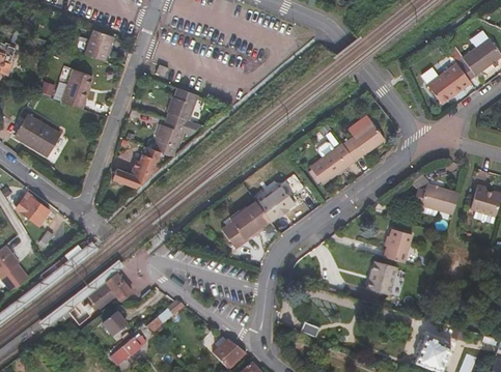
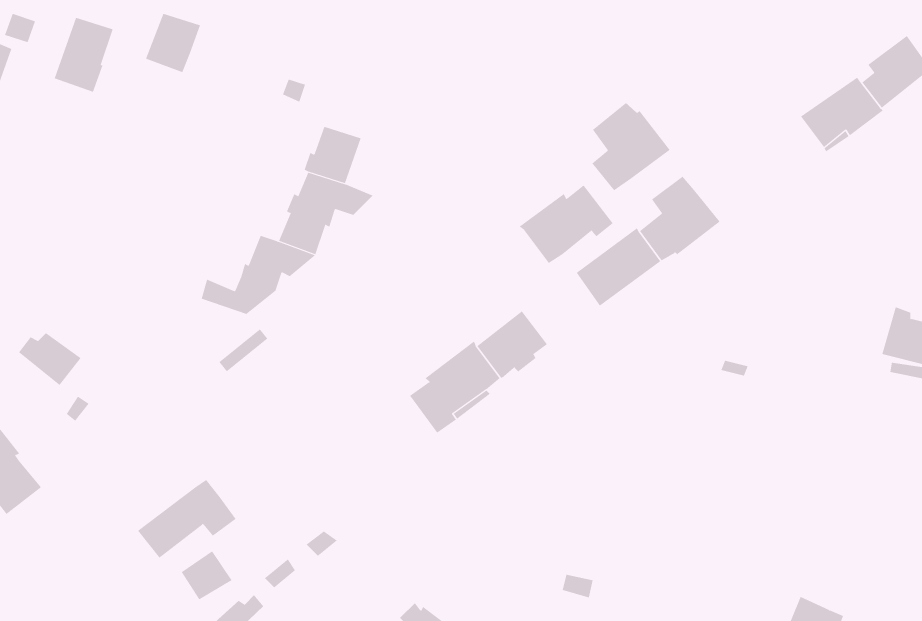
building: [60,68,91,108] -> [54,17,113,93]
building: none -> [592,102,670,191]
building: [15,114,58,154] -> none
building: none -> [519,184,613,264]
building: [412,182,458,212] -> none
building: [383,227,411,260] -> none
building: [365,259,396,293] -> none

